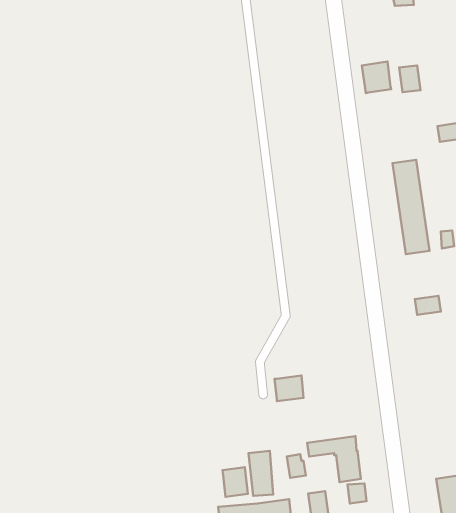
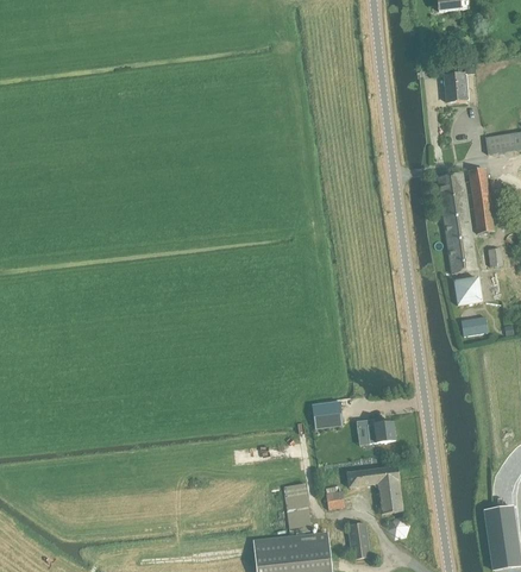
building: [362,61,391,93] -> none
building: none -> [467,168,494,232]
building: none -> [453,277,481,304]
building: none -> [366,421,395,444]
building: [222,467,248,497] -> none

